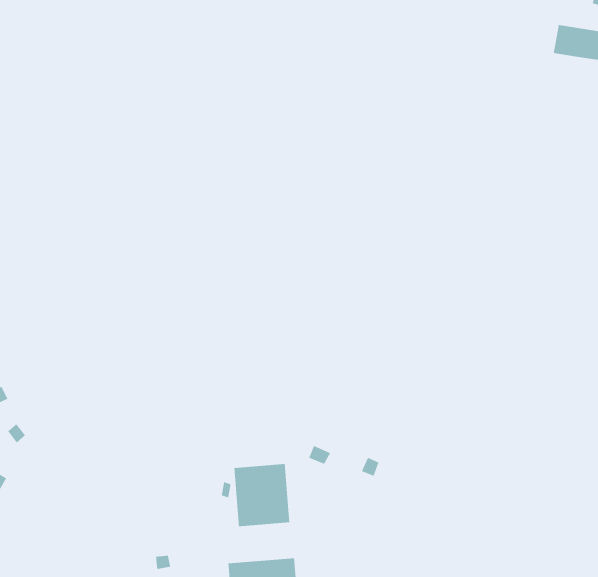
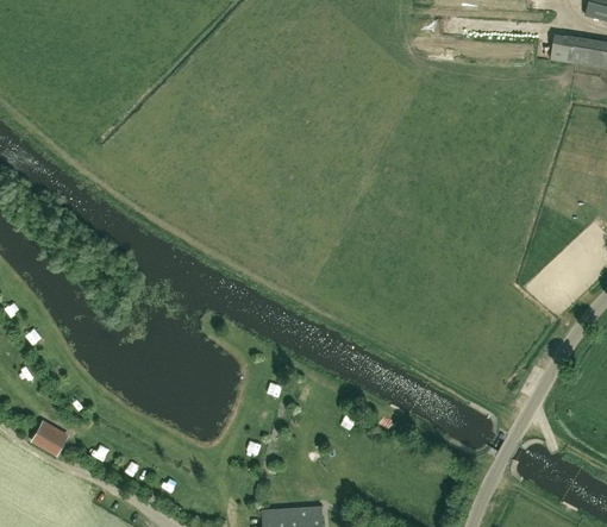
building: [234,463,290,527] -> none

